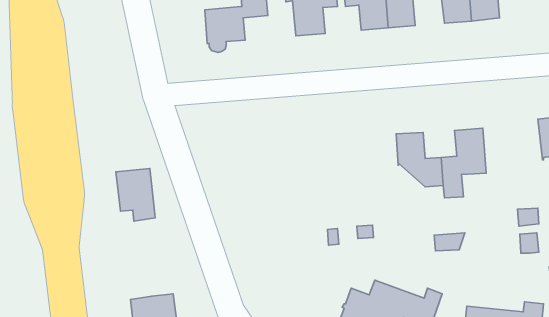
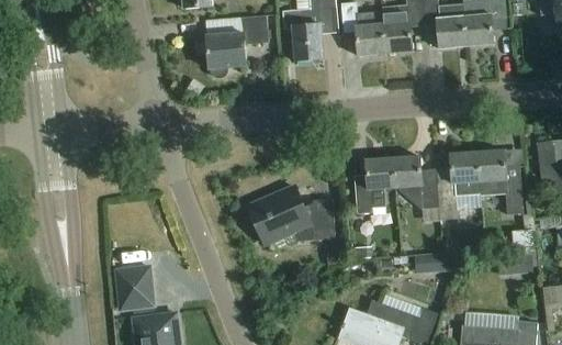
building: none -> [477,148,521,214]
building: none -> [353,156,395,212]
building: none -> [248,186,335,242]
building: [116,168,155,221] -> [116,266,155,318]

